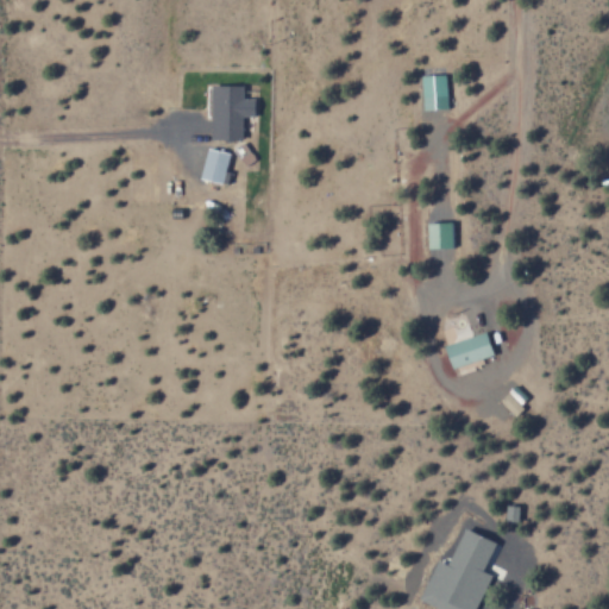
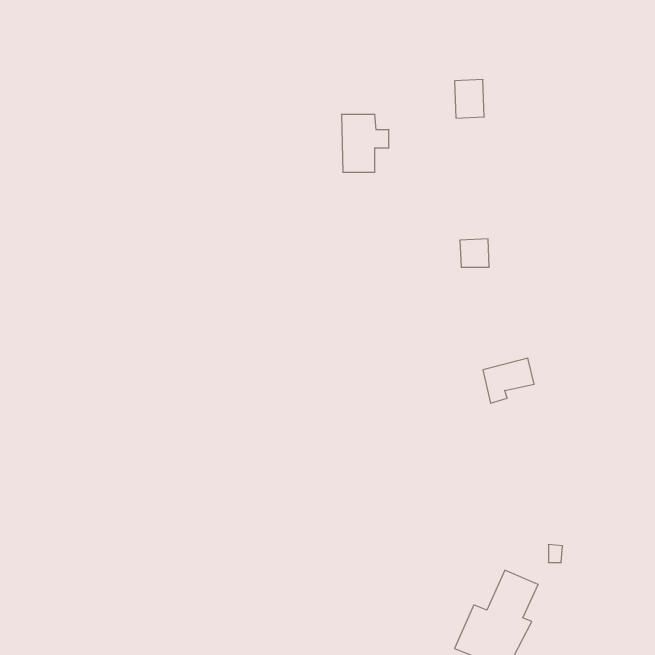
building: [212,86,256,139] -> [341,114,389,172]
building: [202,149,231,184] -> none

